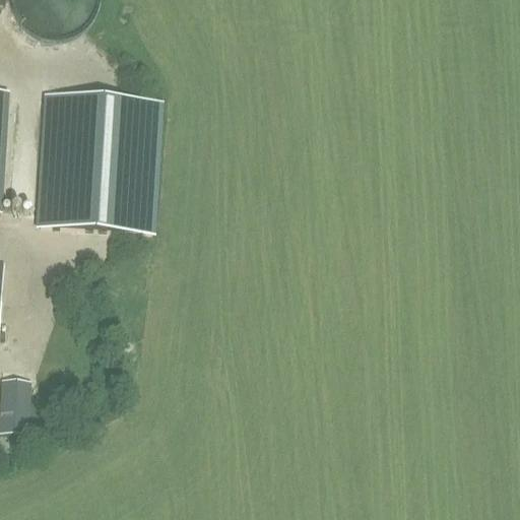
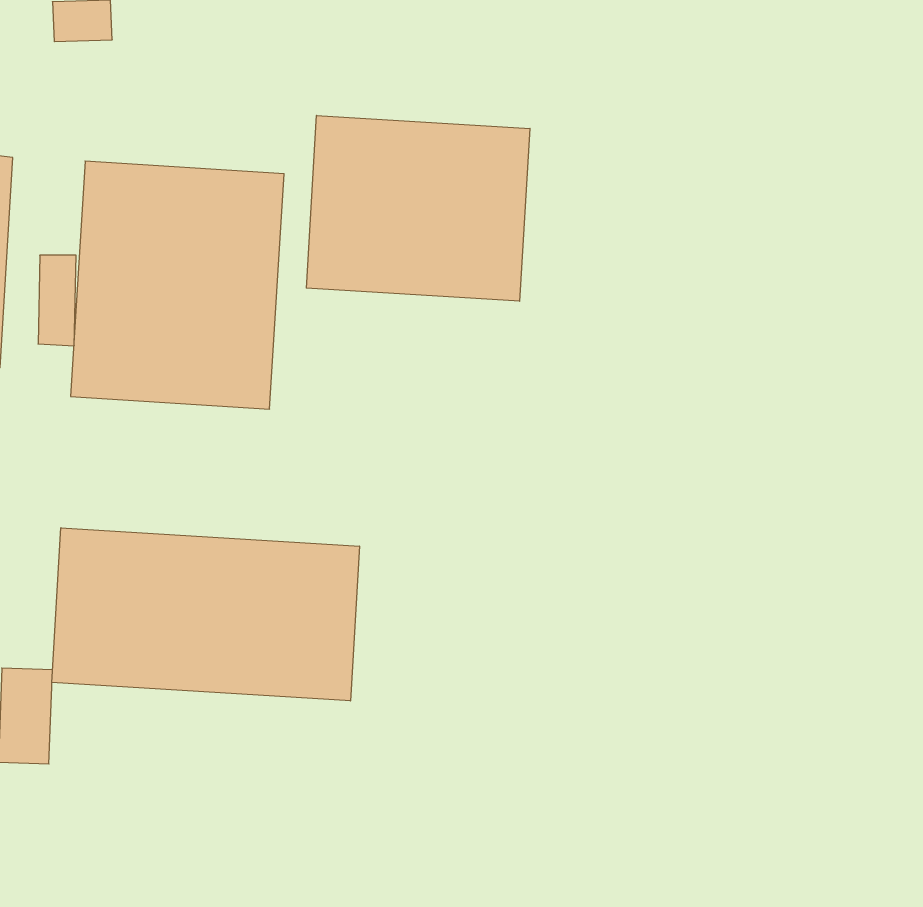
building: none -> [306,115,530,301]
building: none -> [52,528,359,701]

